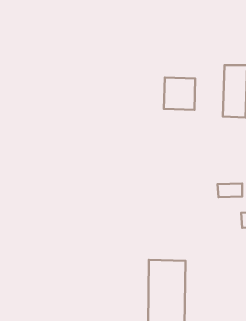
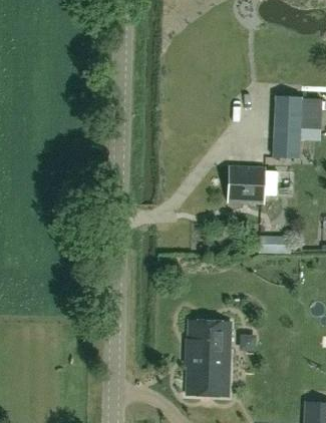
building: [164,78,195,110] -> [229,167,265,204]

